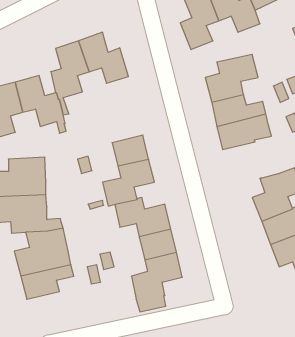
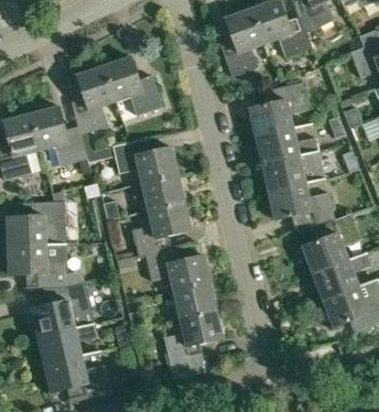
building: none -> [86,139,177,184]
building: none -> [269,183,334,229]
building: none -> [44,355,111,402]

